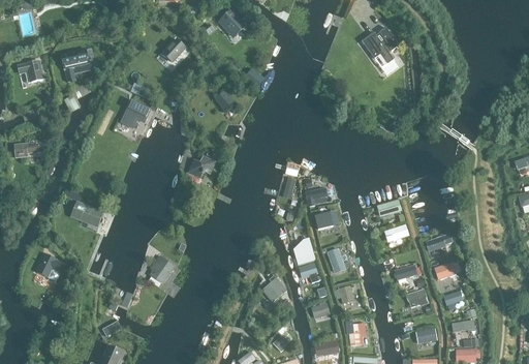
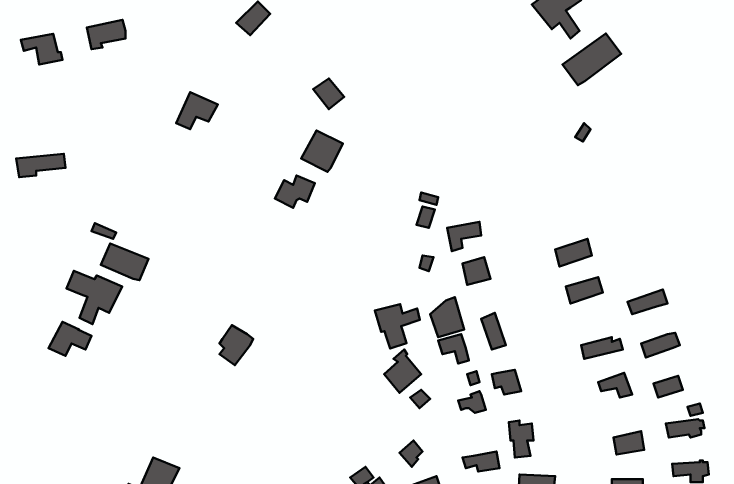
building: none -> [562,34,621,85]
building: none -> [301,130,343,172]
building: none -> [67,271,122,324]
building: none -> [375,304,420,348]

